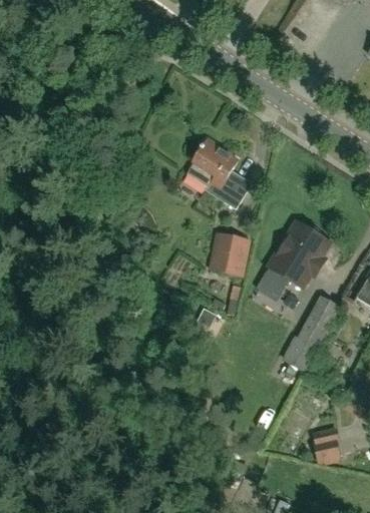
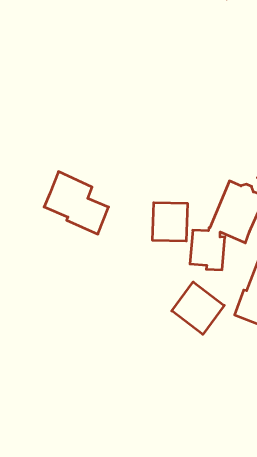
building: [186,138,252,208] -> [44,172,109,234]
building: none -> [172,282,224,334]

